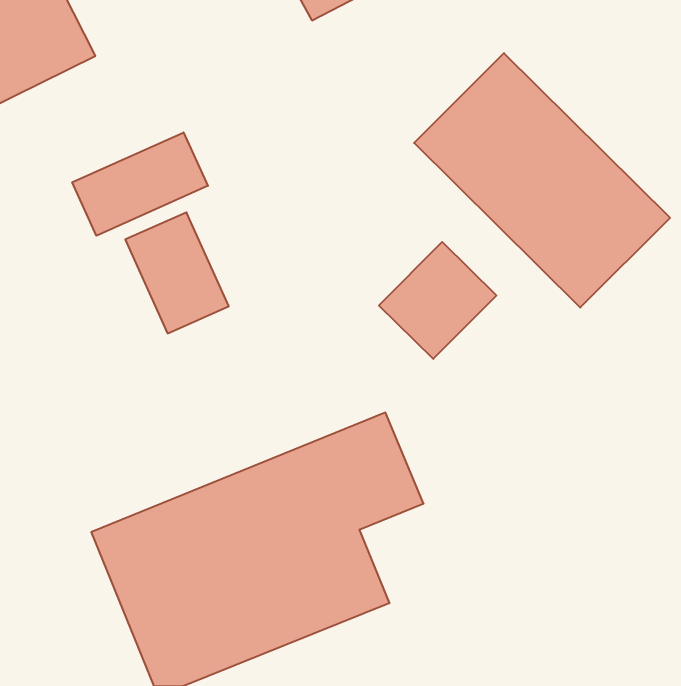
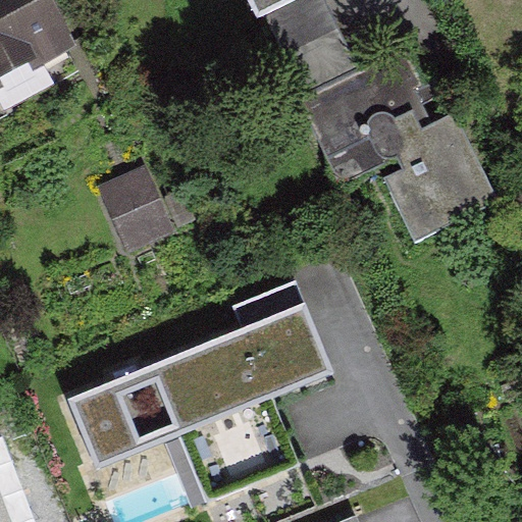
building: [72,132,208,236] -> none
building: [379,242,496,359] -> none

